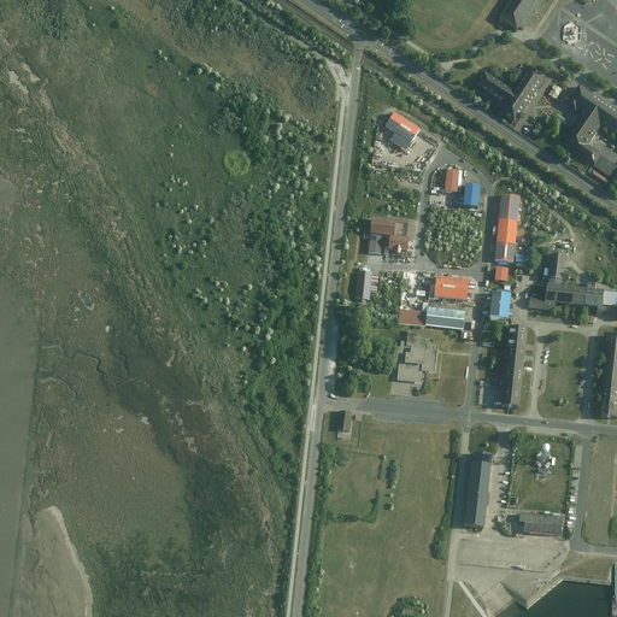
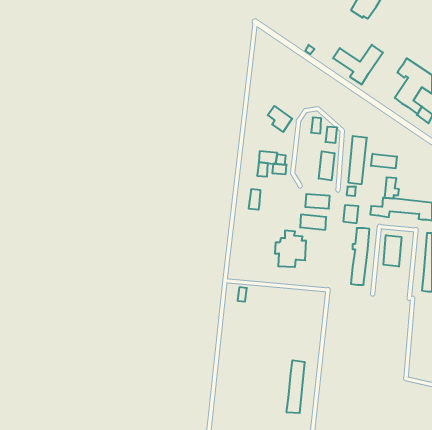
building: [383,112,418,149] -> [268,106,292,132]
building: none -> [319,151,334,180]
building: none -> [371,154,397,168]
building: none -> [383,235,401,267]
building: [466,452,493,527] -> [286,360,305,413]
building: [519,512,564,534] -> none

